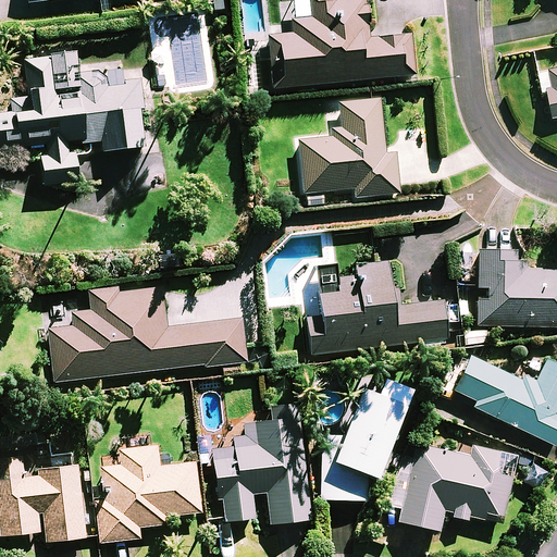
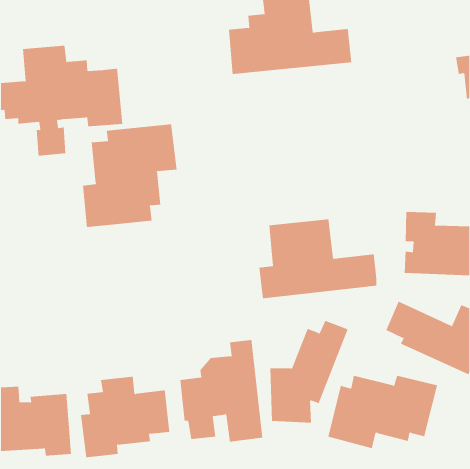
building: [298,97,399,197] -> none
building: none -> [82,123,177,228]
building: [49,285,247,380] -> none

